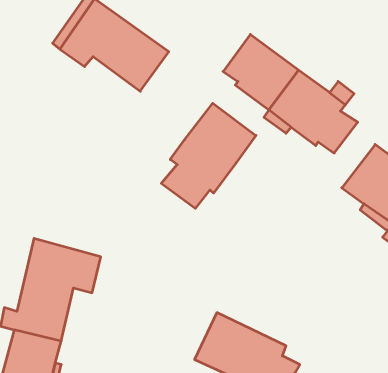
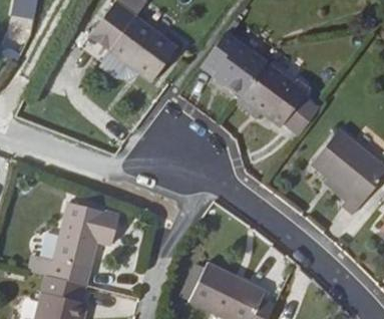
building: [161,103,256,208] -> none

